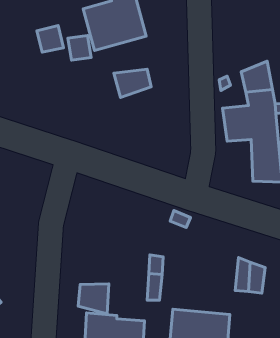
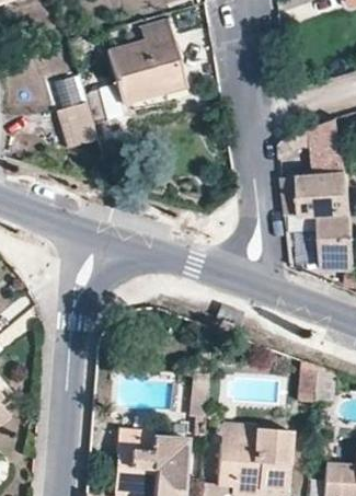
building: none -> [57,104,97,149]
building: [114,69,151,97] -> none
building: [78,284,109,314] -> none

